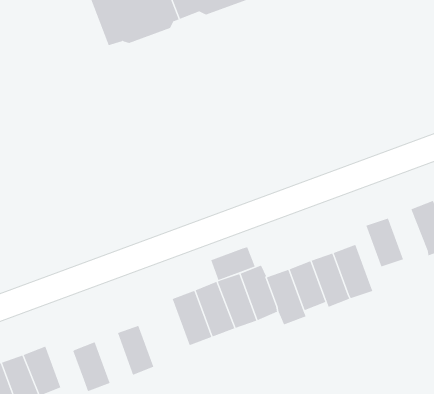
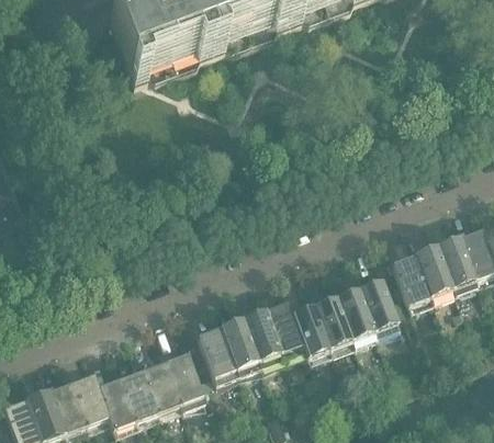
building: none -> [415,242,453,293]
building: [210,247,256,281] -> none
building: none -> [165,350,205,406]
building: none -> [121,366,158,417]
building: none -> [71,371,109,421]

